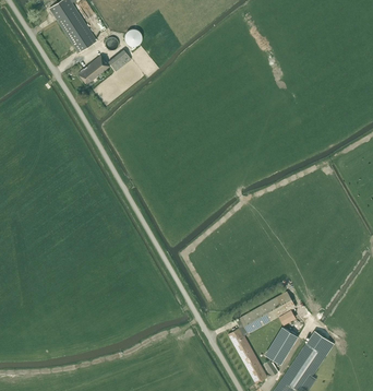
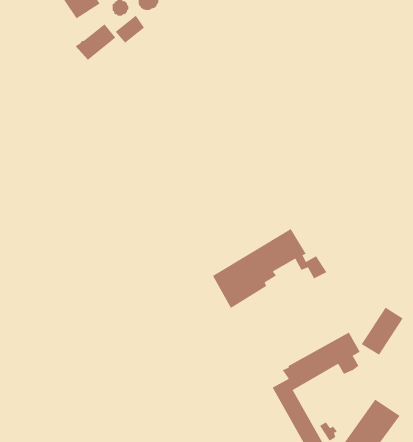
building: none -> [212,228,327,309]
building: [266,325,299,363] -> [361,307,404,356]

